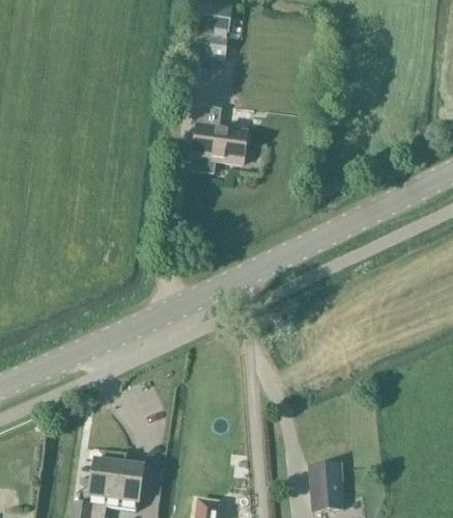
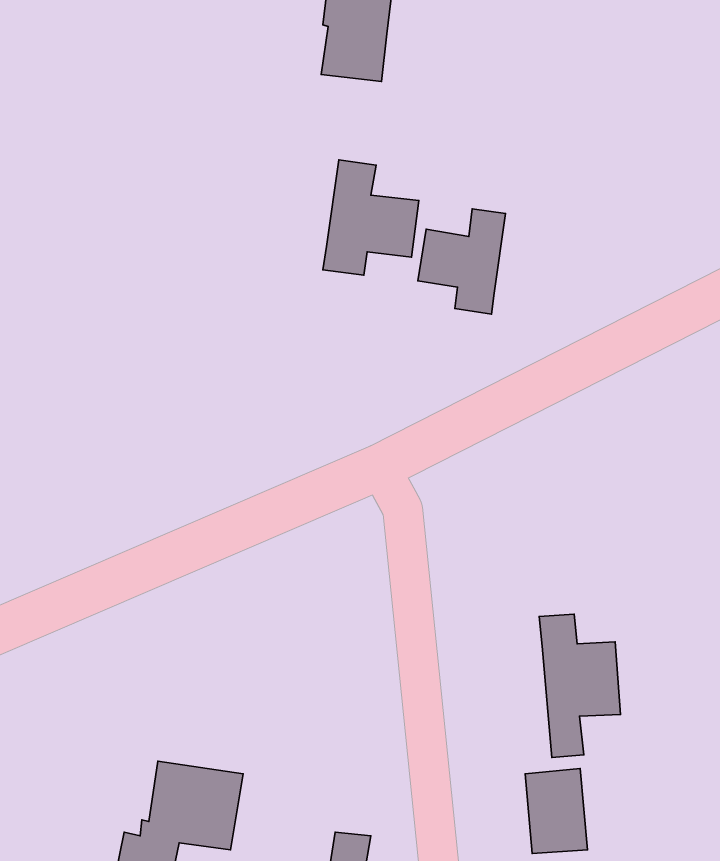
building: none -> [418,209,506,314]
building: none -> [539,614,621,758]

